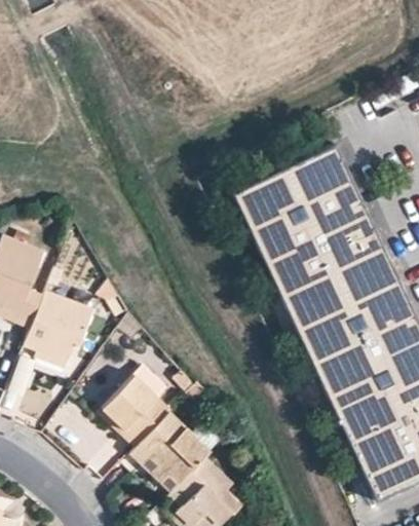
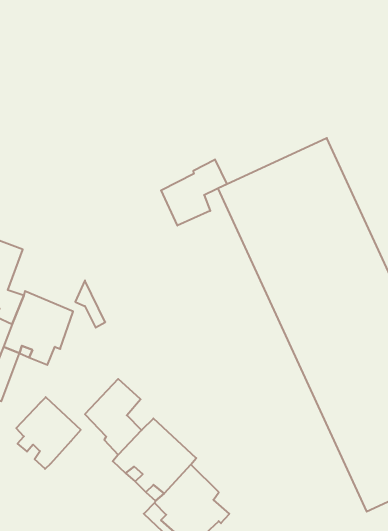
building: none -> [161,159,227,226]
building: none -> [16,397,81,469]

